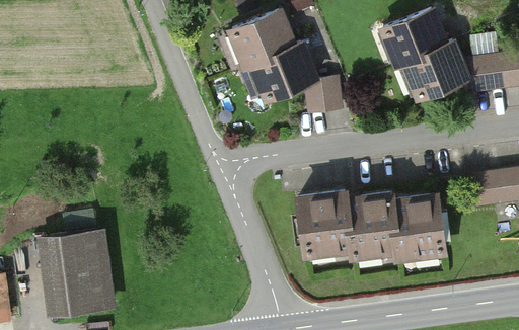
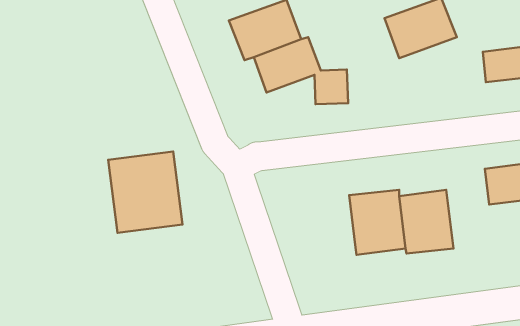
building: [400,43,466,96] -> none
building: [292,193,349,255] -> none
building: [42,232,114,311] -> [108,151,182,233]

